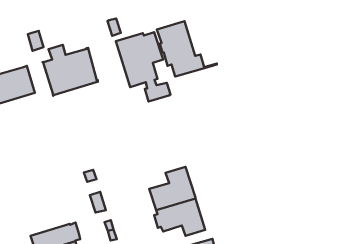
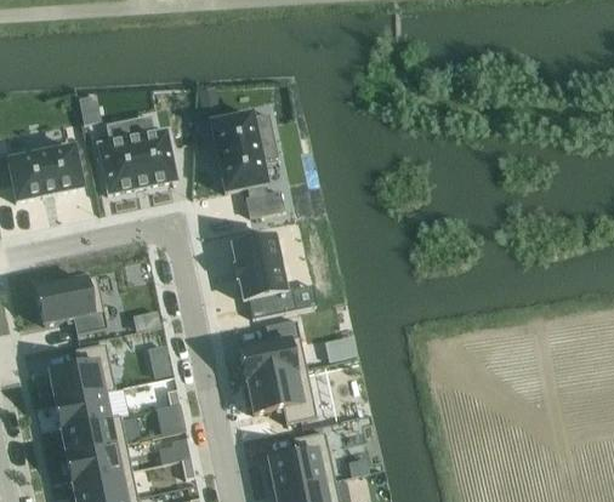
building: [157,21,217,76] -> [231,235,315,316]
building: none -> [35,274,107,333]
building: none -> [47,342,114,400]

